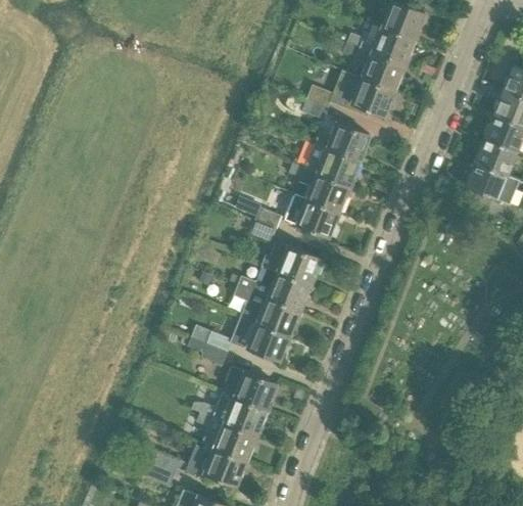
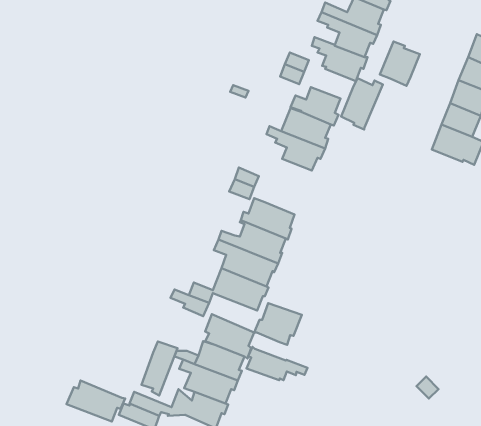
building: none -> [380,41,420,86]
building: none -> [341,78,383,130]
building: [284,195,340,238] -> none
building: none -> [254,303,302,345]
building: none -> [142,341,177,395]
building: none -> [247,347,308,380]
building: none -> [67,381,125,421]

